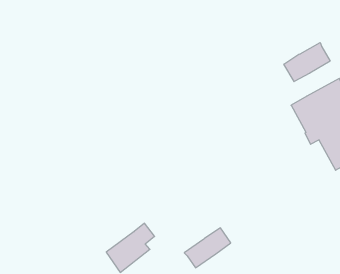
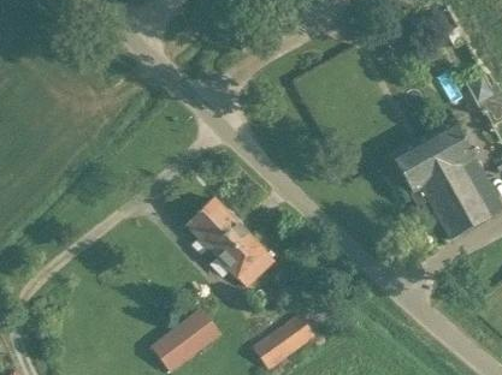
building: [284,43,330,82] -> none
building: none -> [187,197,274,285]

